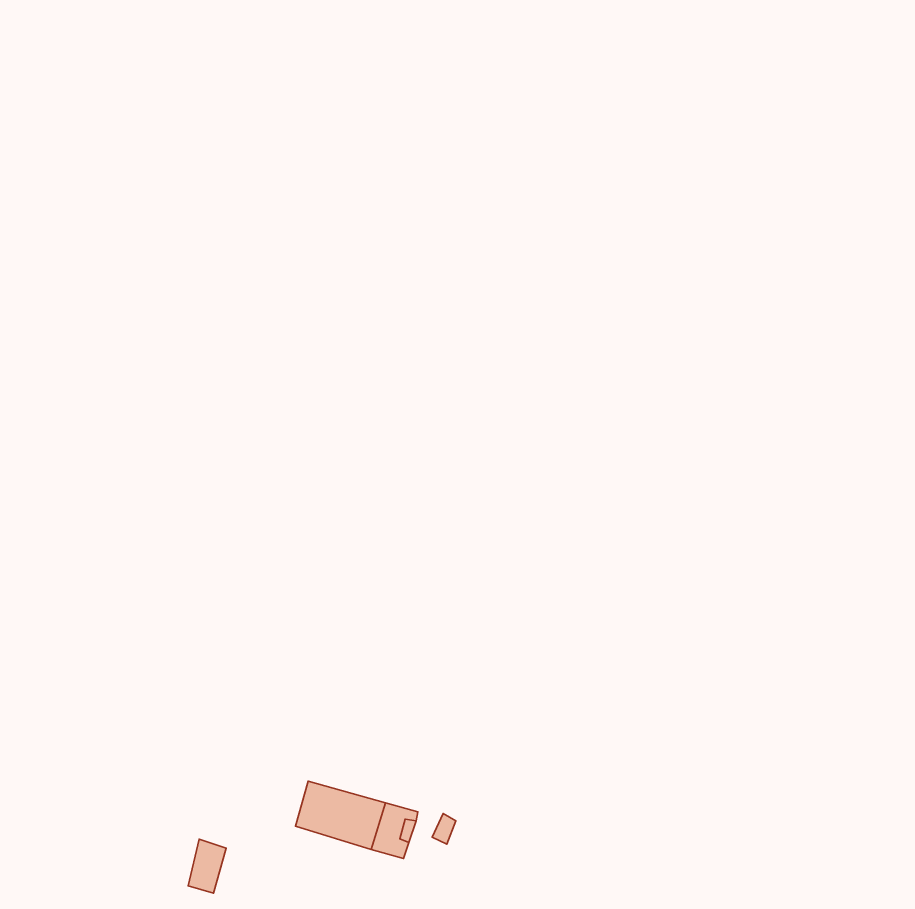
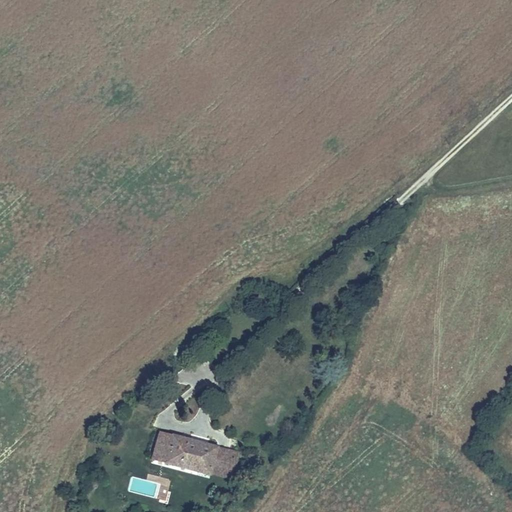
building: [188,839,226,893] -> [153,429,174,459]

